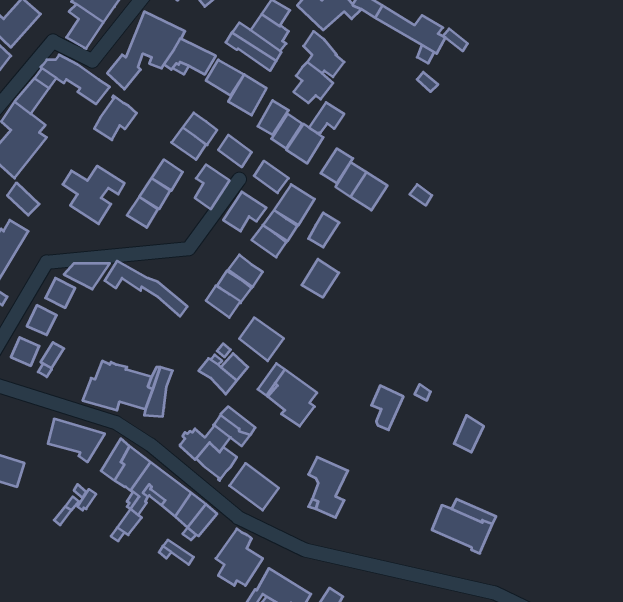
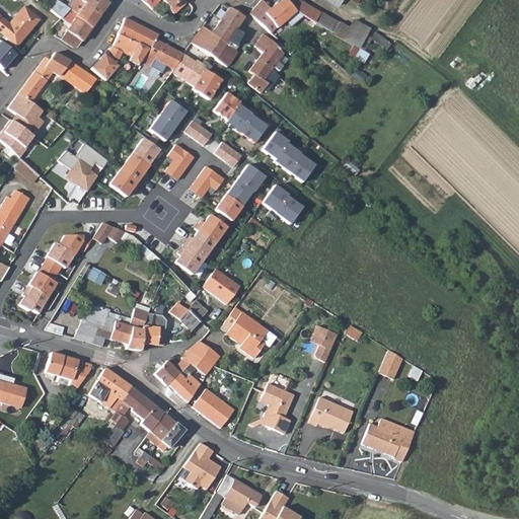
building: [94,96,137,140] -> none
building: [309,102,344,133] -> none
building: [302,259,339,297] -> [273,191,303,222]
building: none -> [141,312,167,345]
building: none -> [309,396,354,433]

